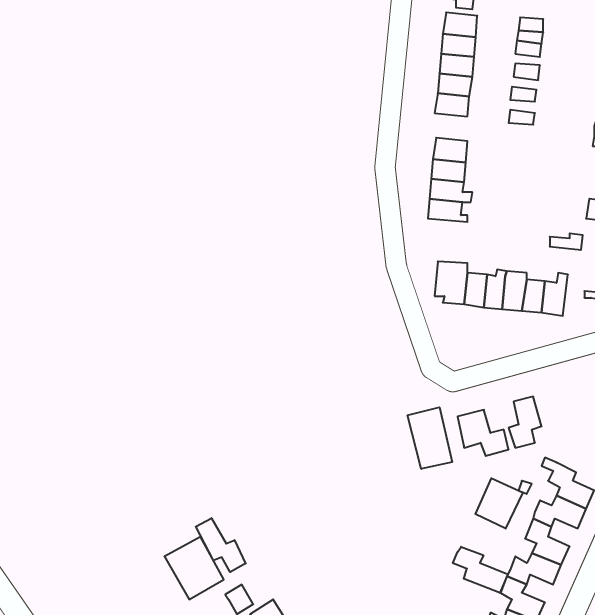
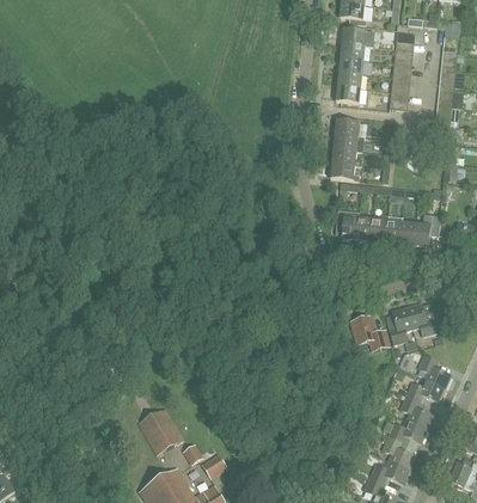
building: none -> [406,302,436,335]
building: [408,407,452,469] -> none
building: [475,478,523,529] -> none
building: [196,518,246,572] -> none
building: [453,547,508,593] -> none

